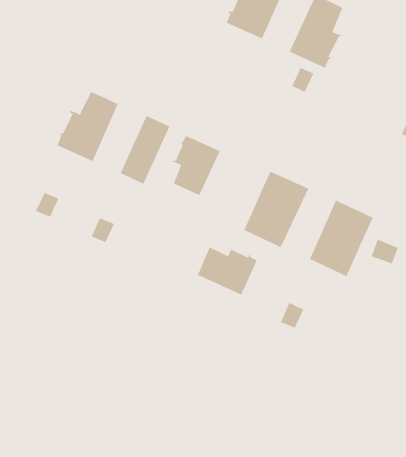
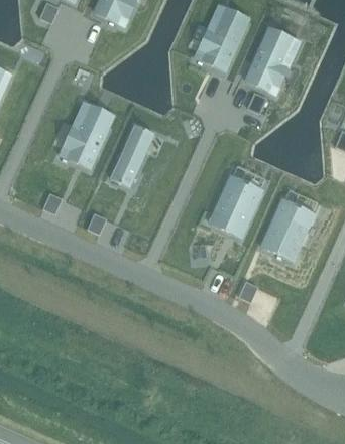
building: [172,135,220,196] -> none
building: [197,246,258,295] -> none

